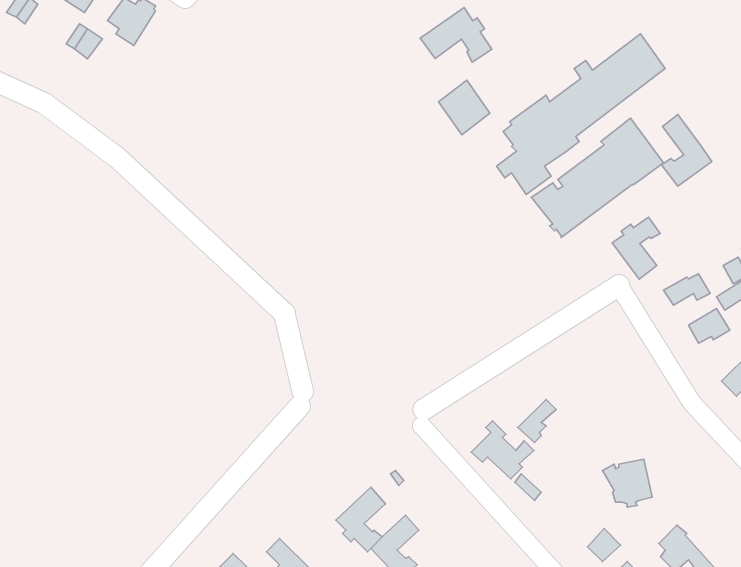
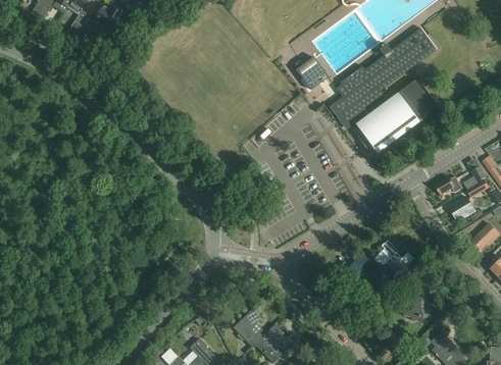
building: [420,8,492,62] -> none
building: [661,114,712,186] -> none
building: [612,217,660,279] -> none
building: [471,421,534,479] -> [374,240,413,275]

